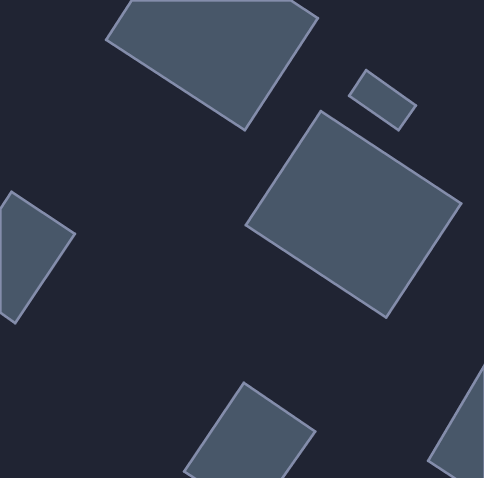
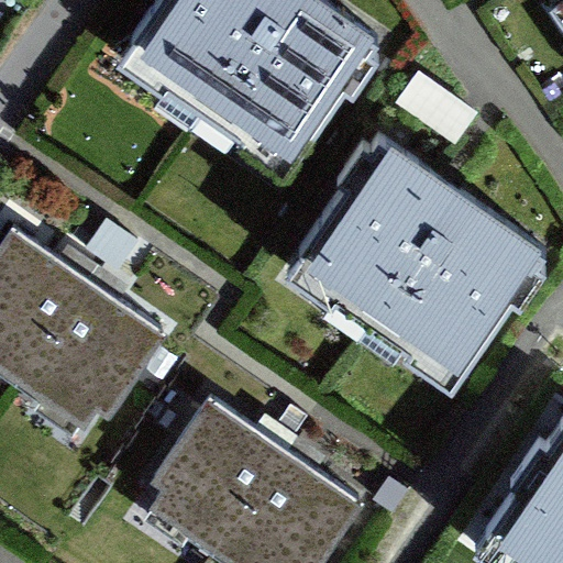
building: none -> [19,279,167,423]
building: none -> [159,407,284,554]

